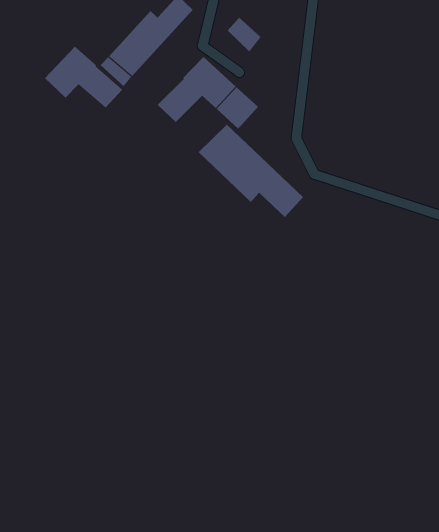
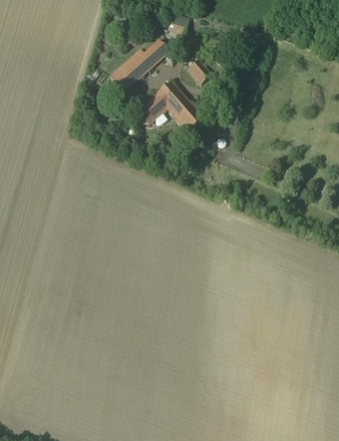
building: [44,46,123,109] -> none
building: [198,124,304,218] -> none

